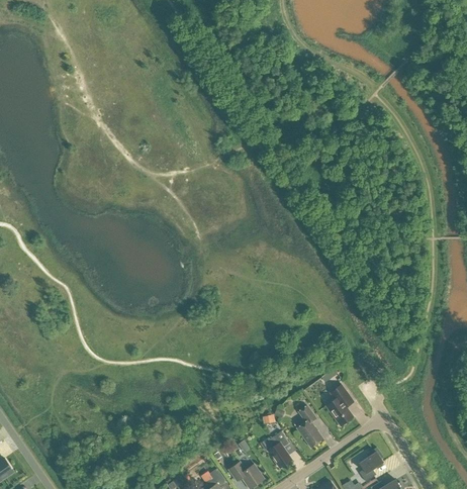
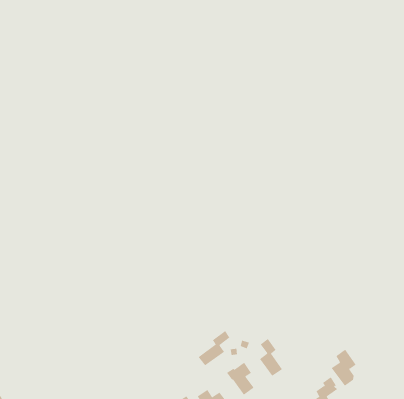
building: [325,385,354,426] -> [331,349,356,386]
building: none -> [198,330,230,366]

